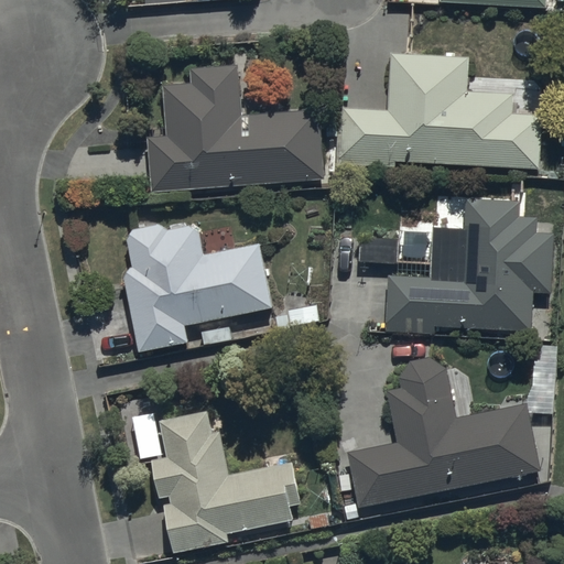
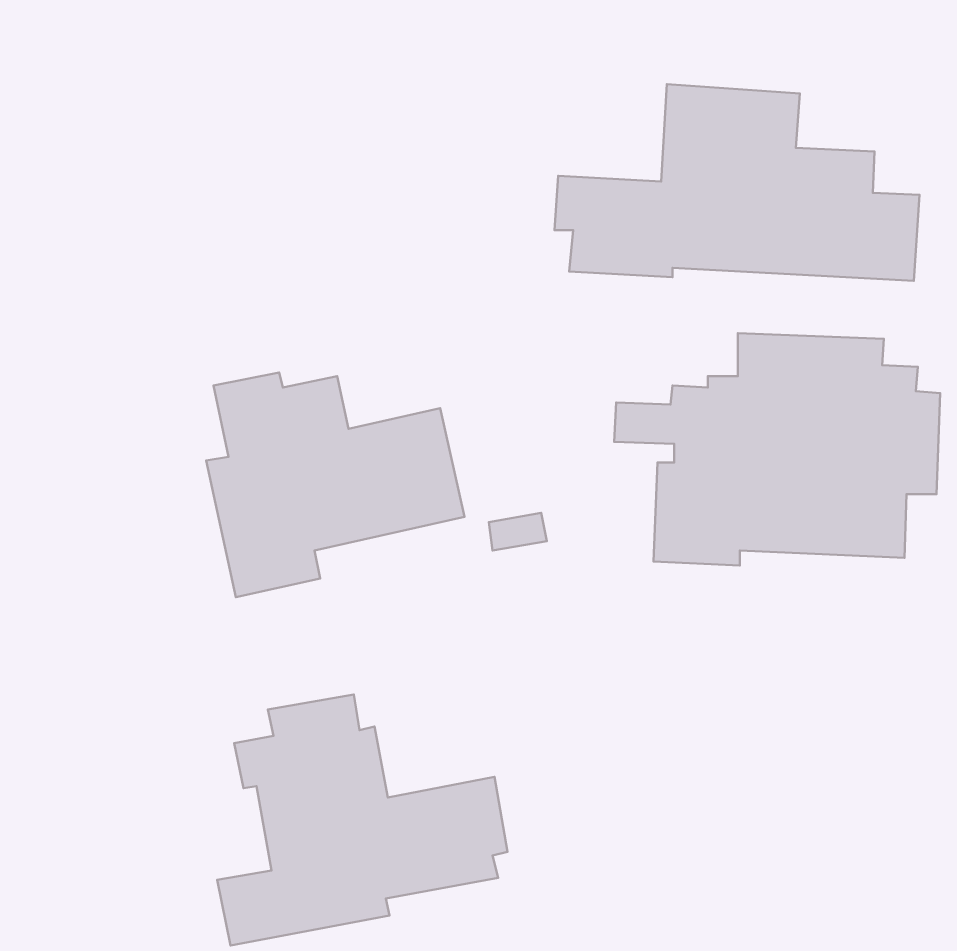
building: [148,65,329,188] -> none
building: [339,358,540,507] -> none

